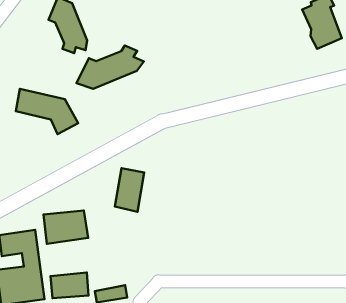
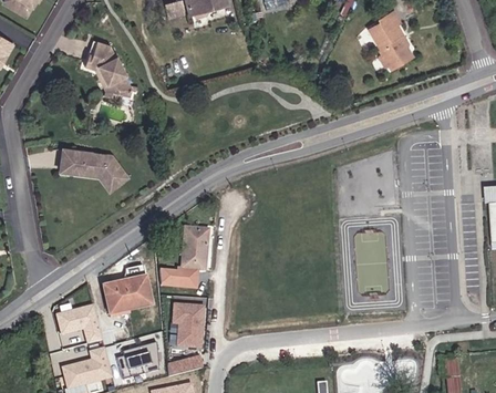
building: [76,46,144,89] -> none
building: none -> [159,271,199,289]
building: none -> [170,303,205,348]

